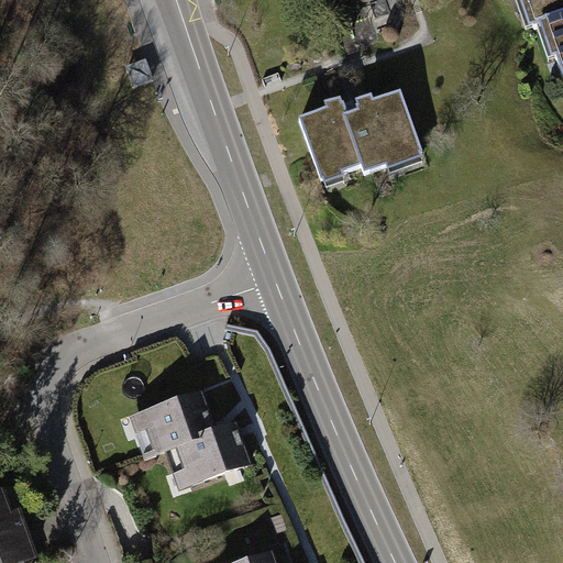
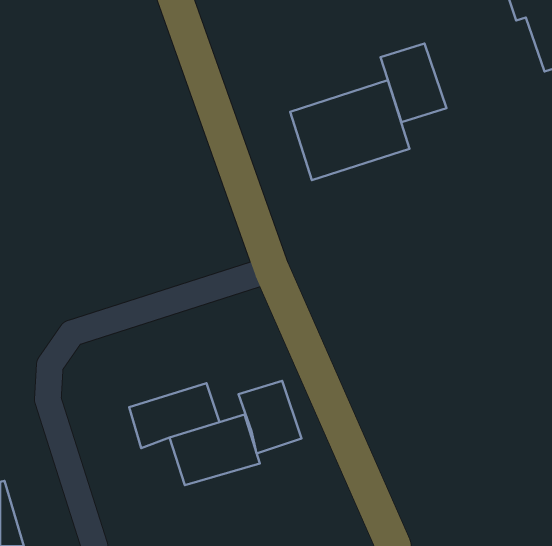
building: none -> [380,44,446,122]
building: none -> [238,381,302,454]

